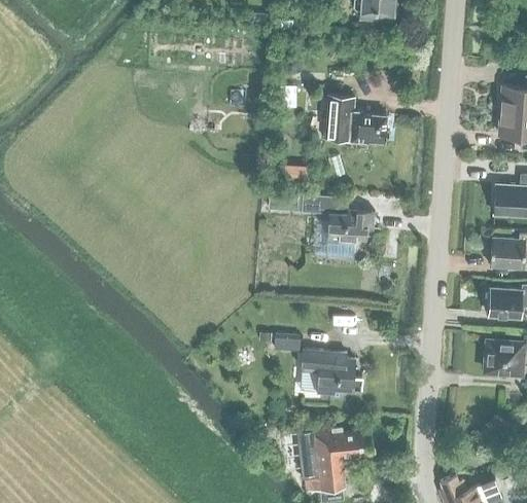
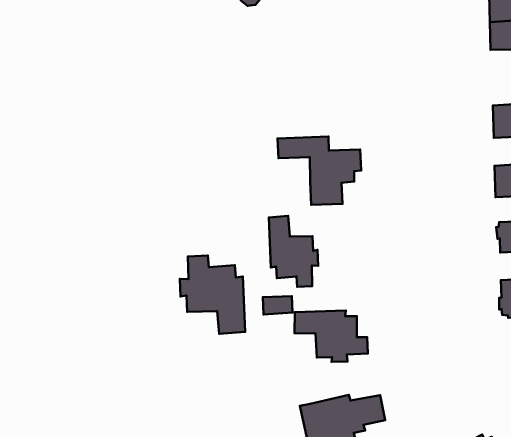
building: [324,94,389,143] -> none
building: none -> [269,216,318,287]
building: none -> [180,256,245,334]

